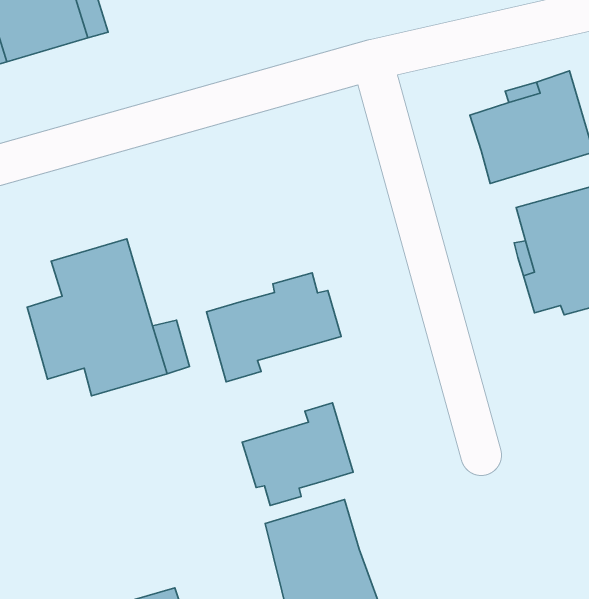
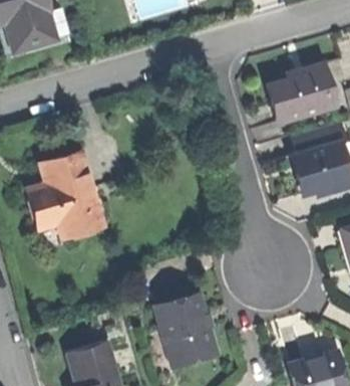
building: [206,273,341,382] -> none
building: [242,403,353,505] -> none

